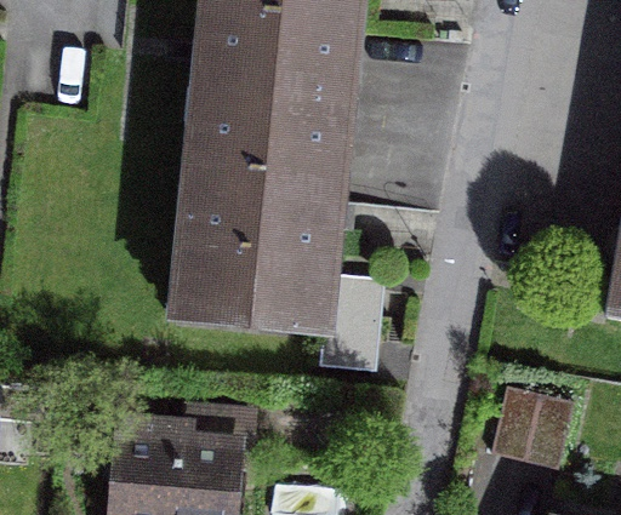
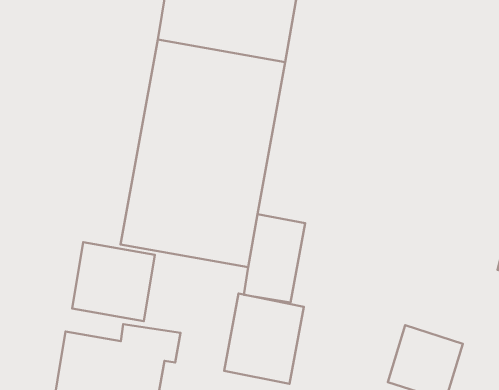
building: none -> [72,242,155,321]
building: none -> [224,294,304,384]

